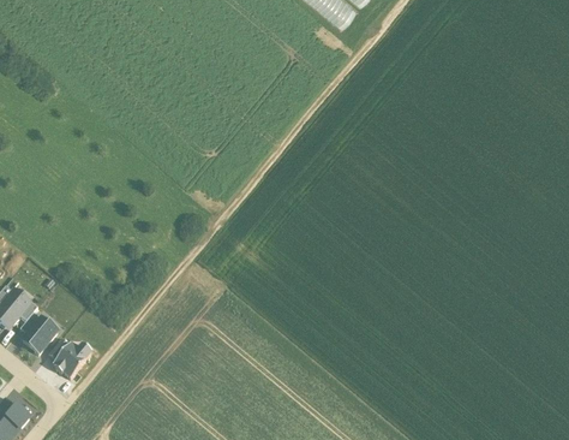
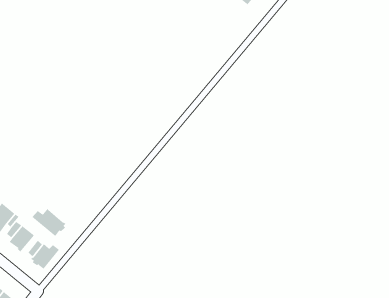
building: none -> [32,208,67,237]

